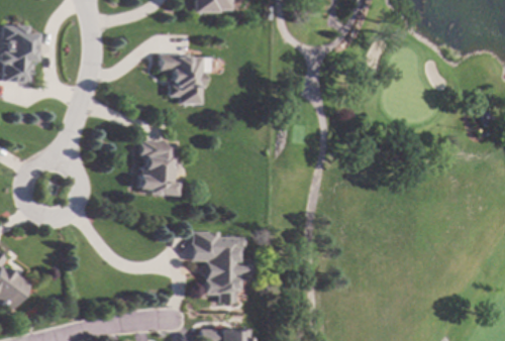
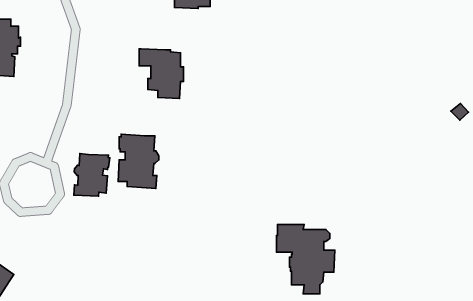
building: none -> [74,153,110,196]
building: [190,232,249,303] -> [277,225,335,294]

